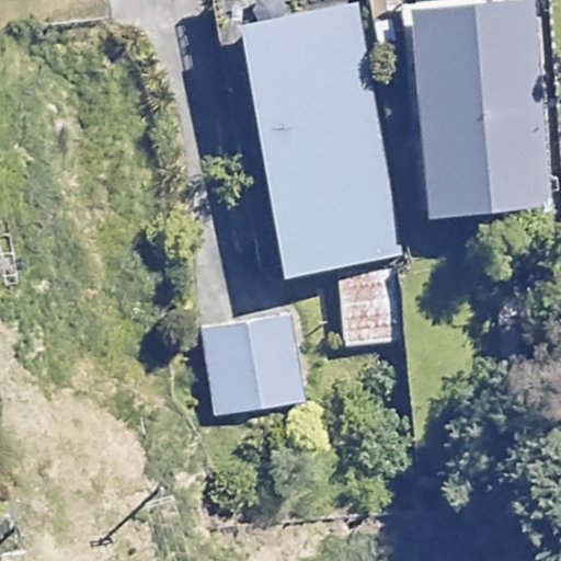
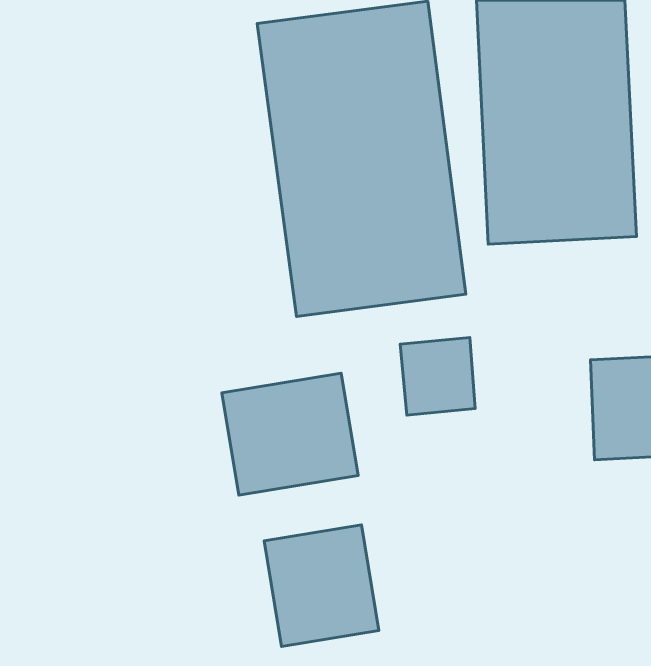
building: none -> [264,525,379,646]

